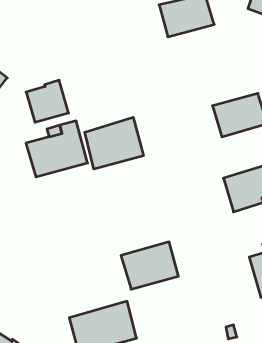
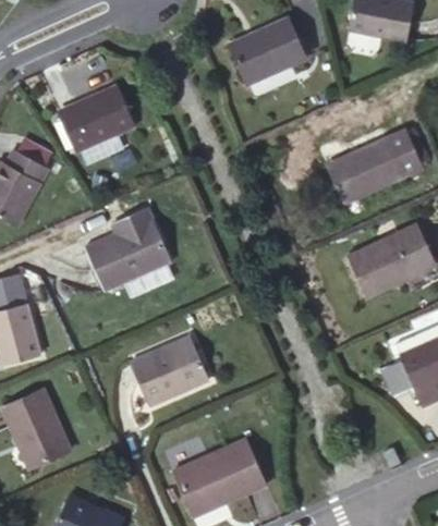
building: [26,80,69,122] -> [74,83,134,143]
building: [85,117,143,169] -> none
building: [121,242,178,289] -> [129,337,208,406]

